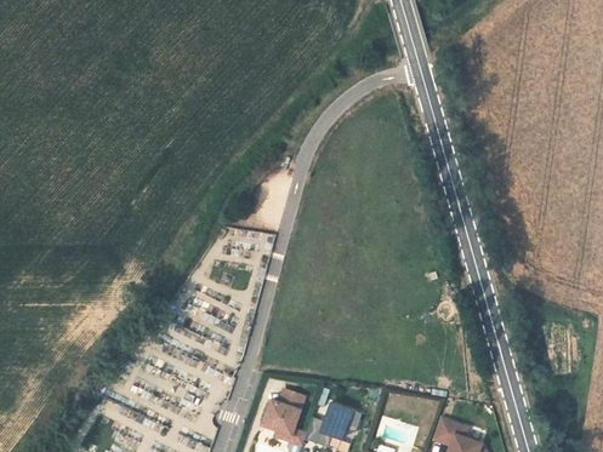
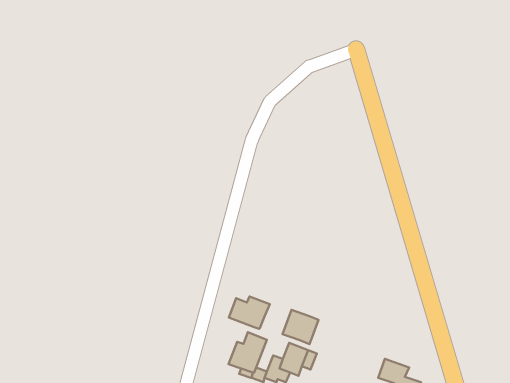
building: none -> [229,296,270,329]
building: none -> [283,310,318,344]

